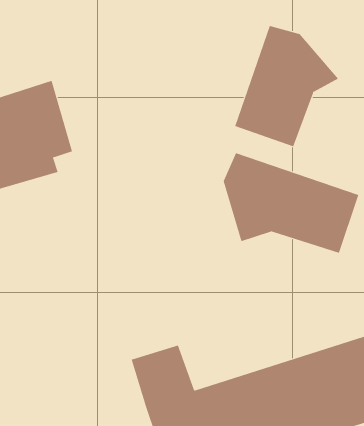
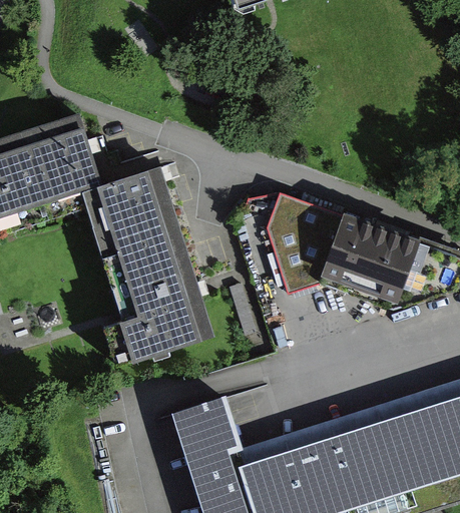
building: [235,25,339,147] -> none
building: none -> [84,174,204,363]

